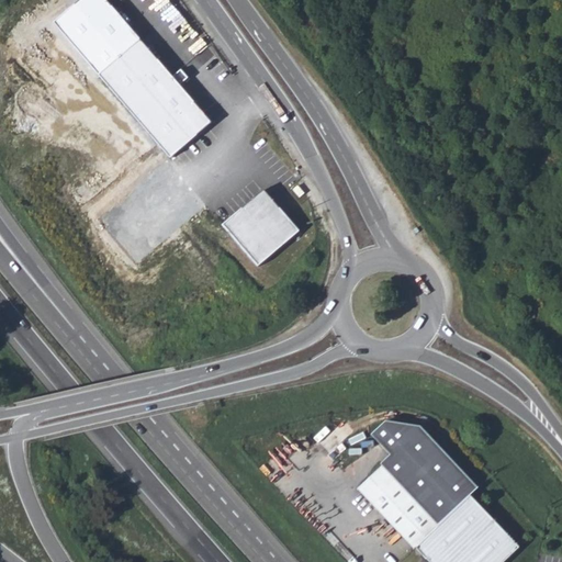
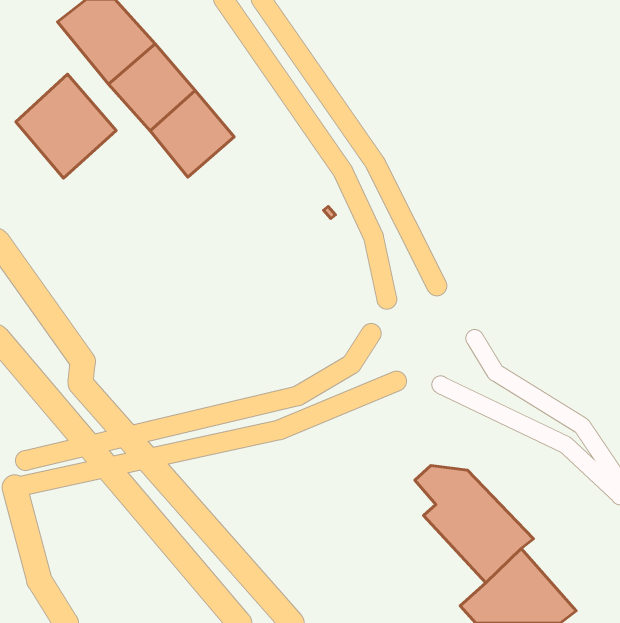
building: none -> [16,74,116,178]
building: [221,190,299,267] -> none
building: [356,463,437,547] -> none

